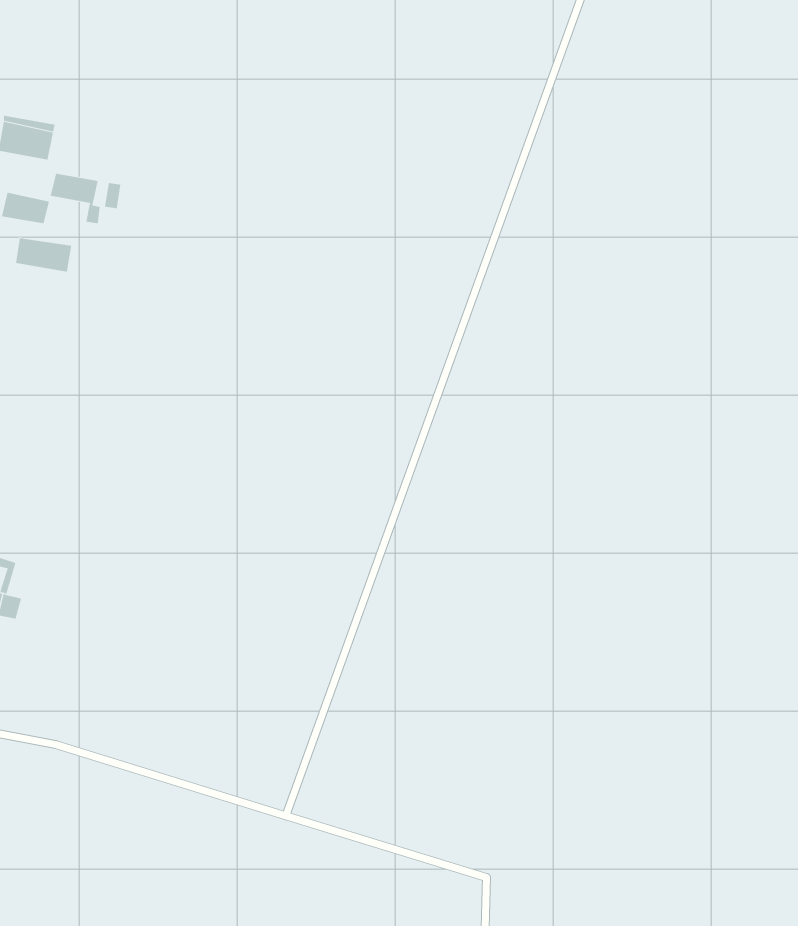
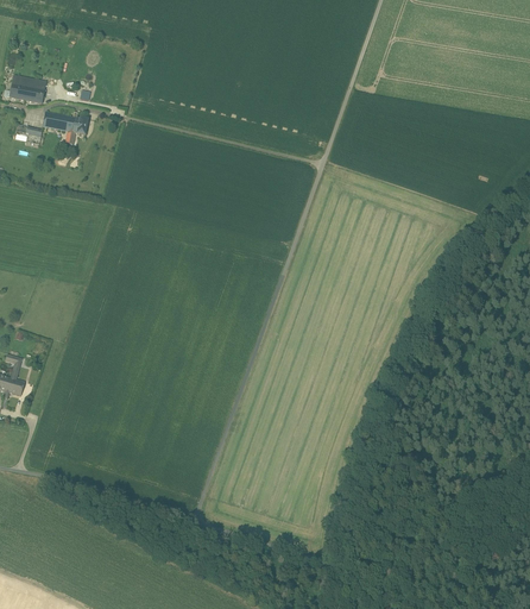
building: [15,238,72,272] -> none

